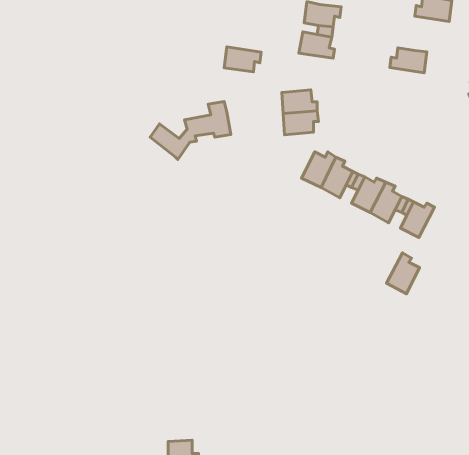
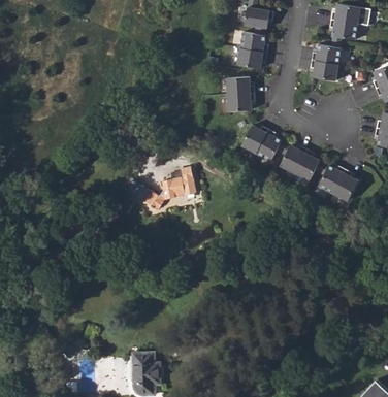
building: none -> [328,20,356,39]
building: [224,47,261,72] -> [236,48,265,68]
building: none -> [308,60,336,80]
building: [150,102,231,159] -> [138,165,201,210]
building: [387,253,420,294] -> [332,169,358,201]

